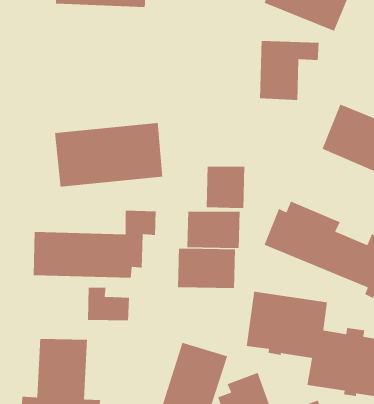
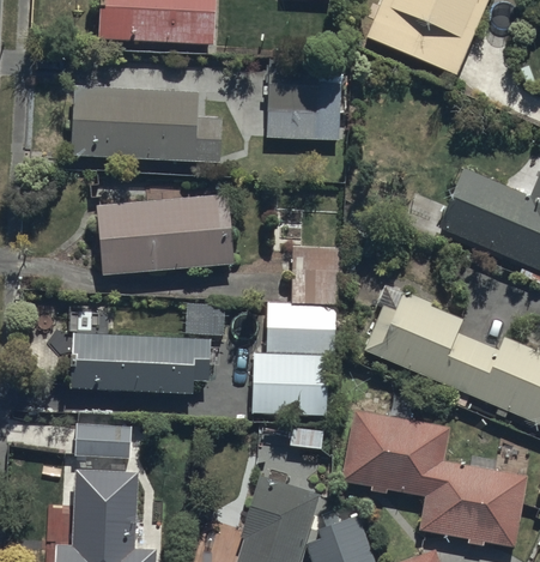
building: none -> [72,85,225,164]
building: [259,40,320,101] -> [267,62,345,140]
building: [87,287,130,321] -> [75,412,131,457]

